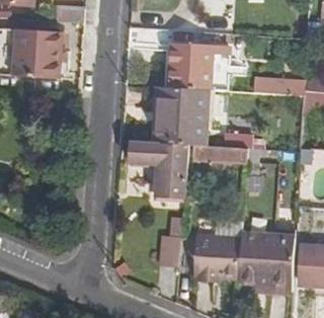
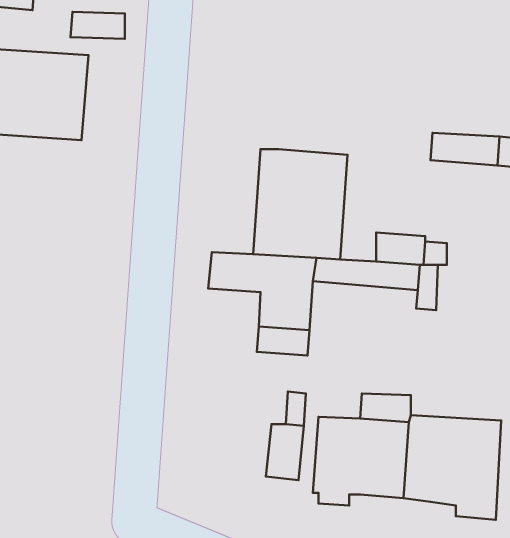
building: [169,43,230,88] -> none

